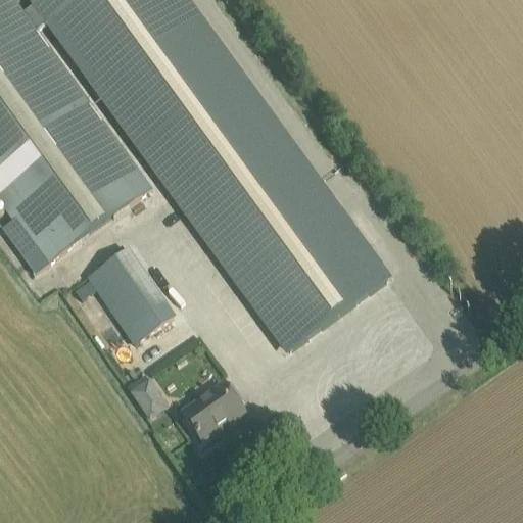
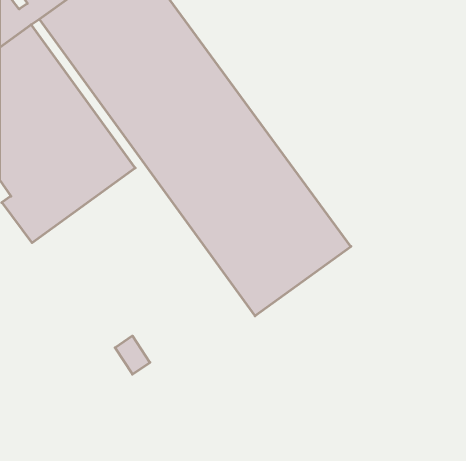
building: [88,248,173,342] -> none
building: [181,381,247,439] -> none

